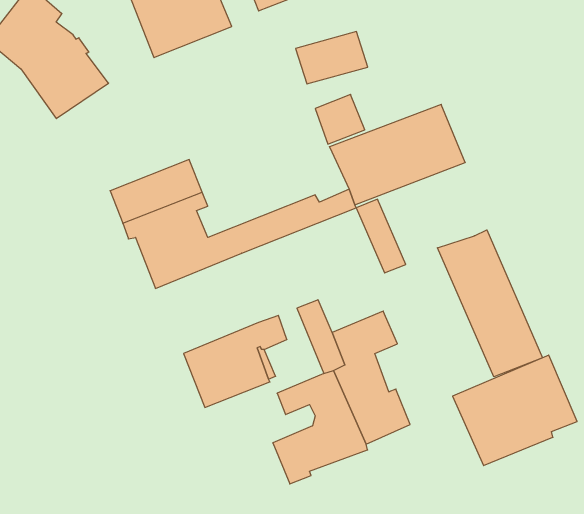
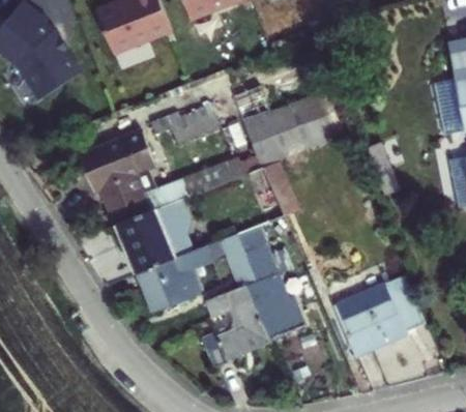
building: [296,32,368,84] -> [169,102,222,141]
building: [437,230,543,377] -> none
building: none -> [115,198,191,271]

